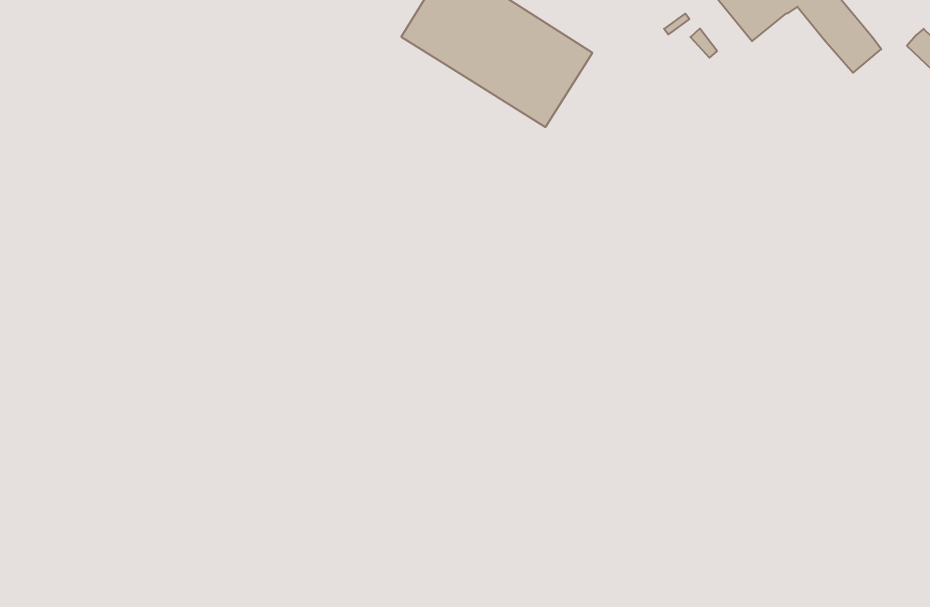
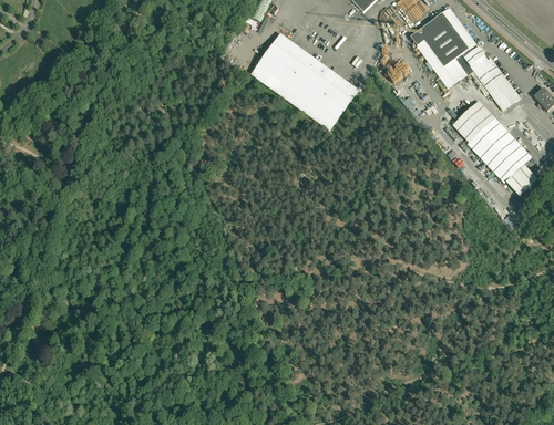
building: none -> [453,101,536,195]

